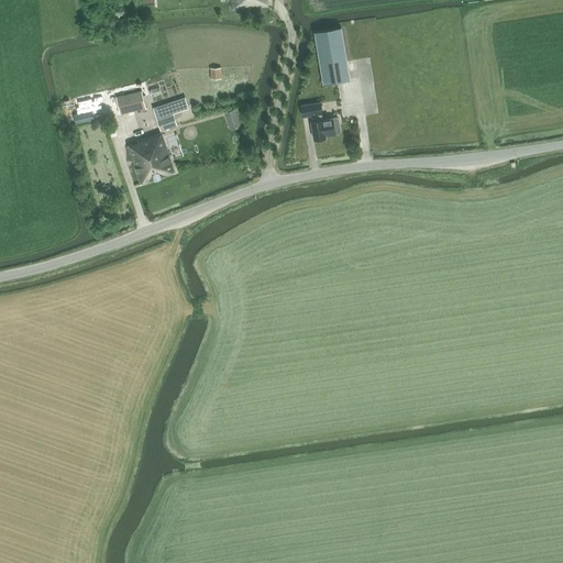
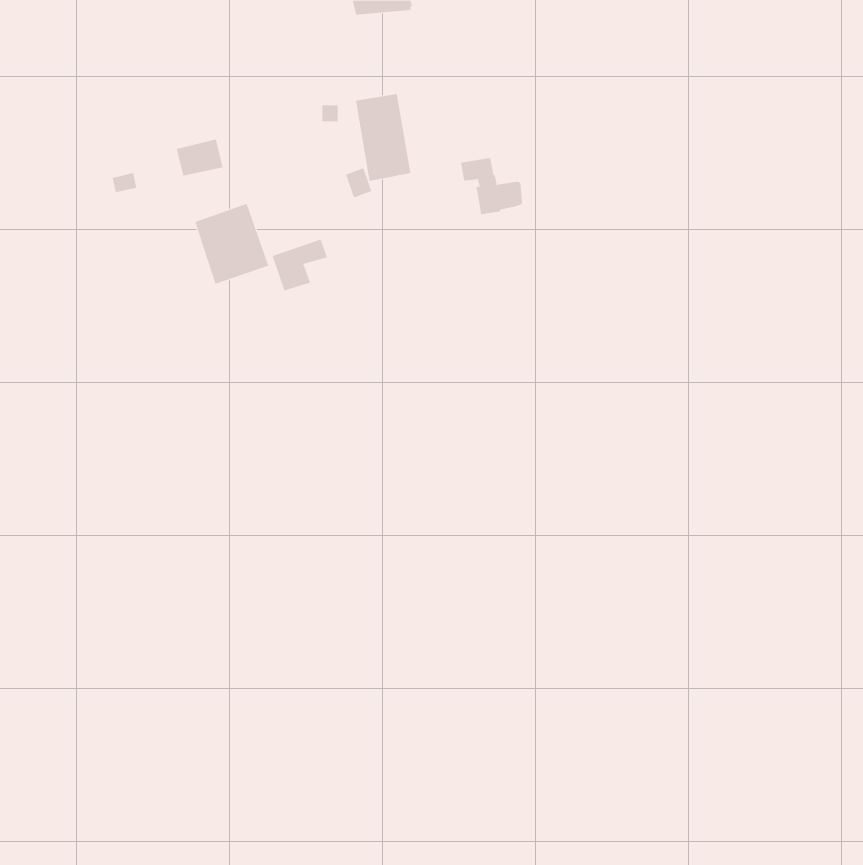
building: [313,27,350,85] -> [355,94,411,182]
building: [152,97,188,131] -> [272,239,328,291]

